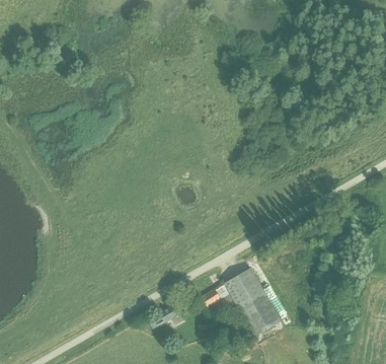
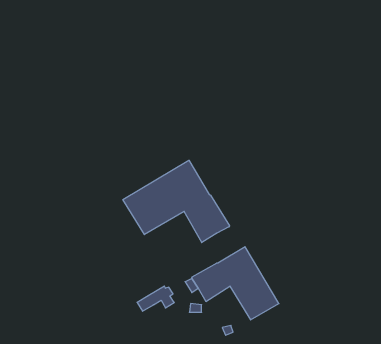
building: none -> [123,160,230,243]

